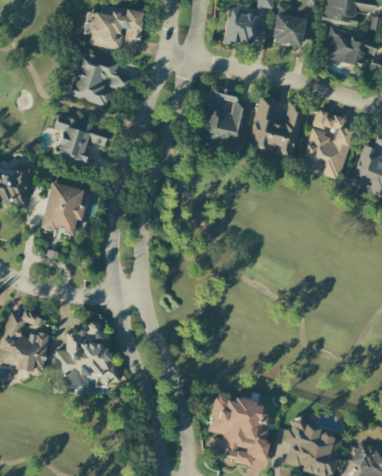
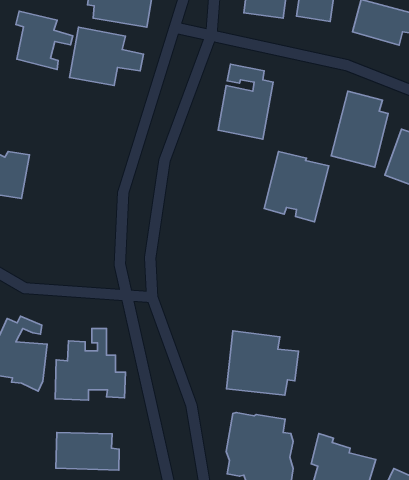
building: [247,95,305,158] -> [264,151,329,222]
building: [55,115,106,167] -> [16,11,73,69]
building: [41,182,83,235] -> none
building: none -> [227,331,299,395]
building: none -> [56,433,119,470]

